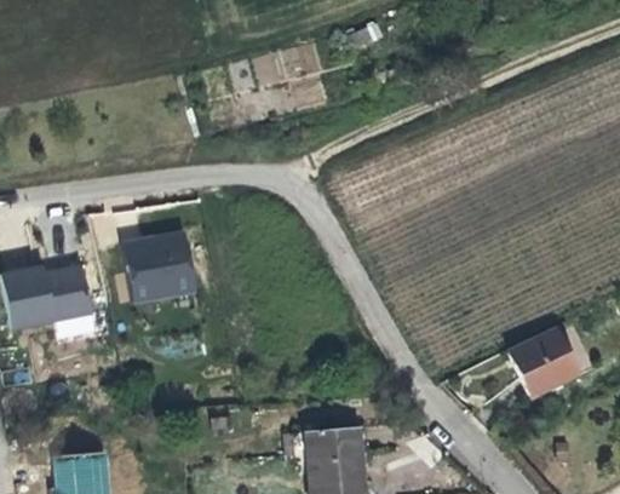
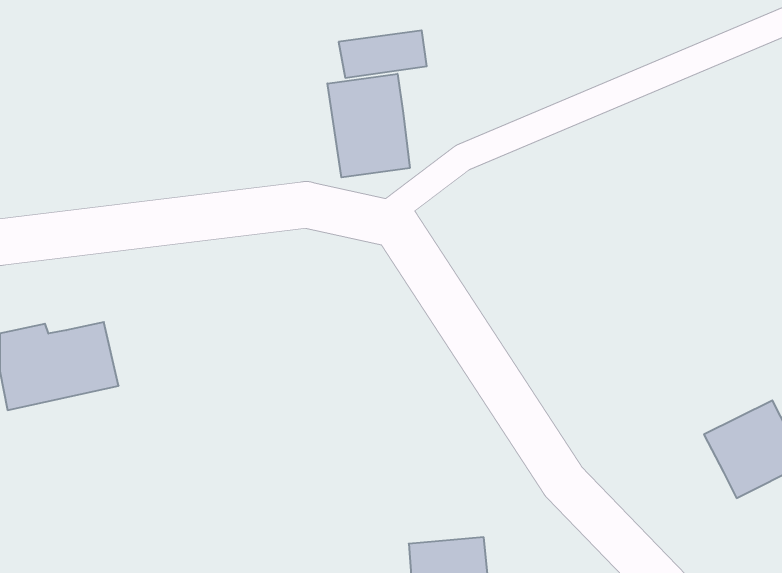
building: none -> [327,74,410,177]
building: [119,226,193,300] -> none

